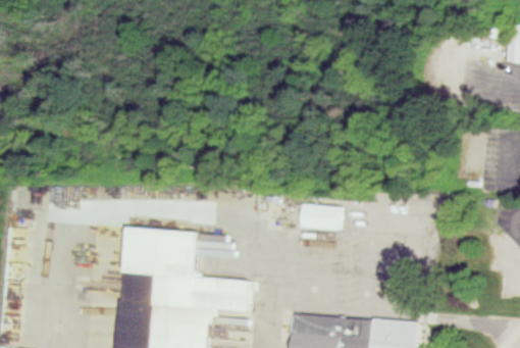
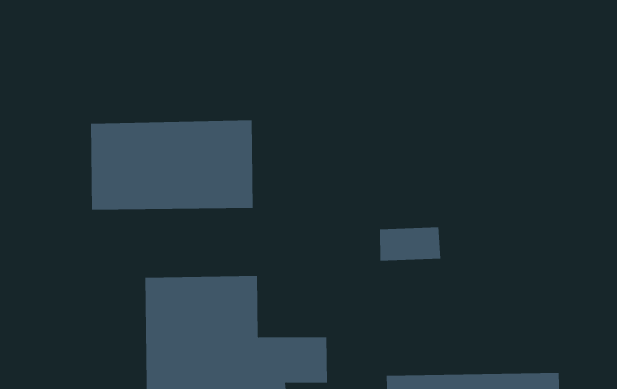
building: none -> [90,119,253,211]

